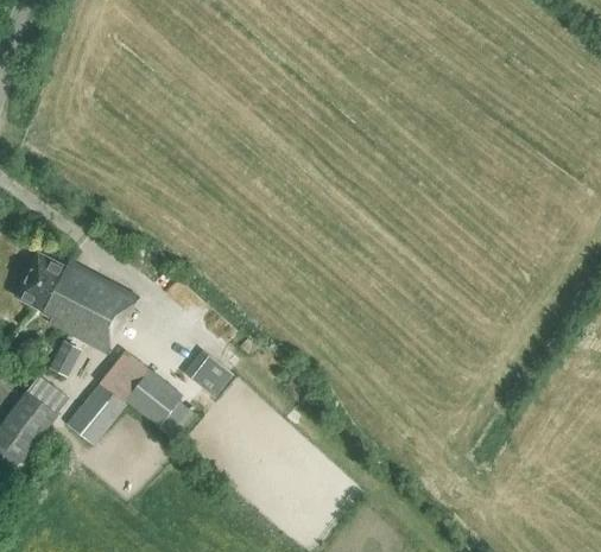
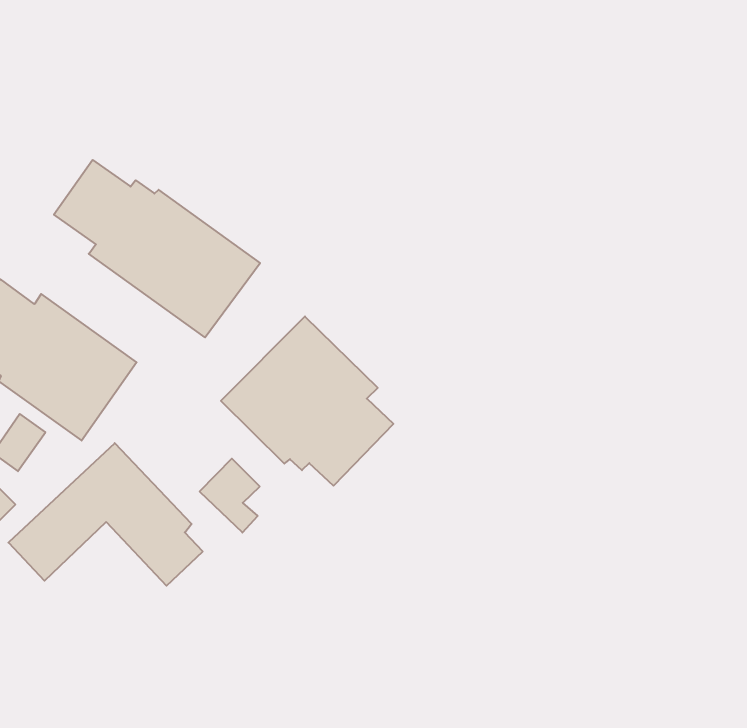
building: none -> [54,160,260,337]
building: none -> [221,316,393,486]

